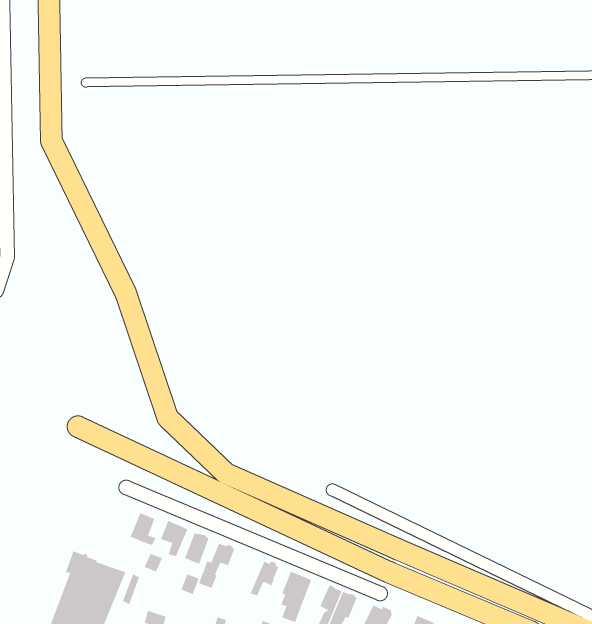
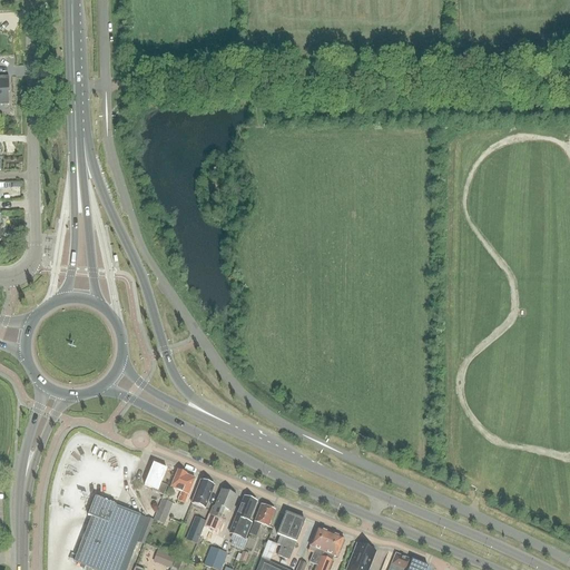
building: none -> [230,495,257,538]

